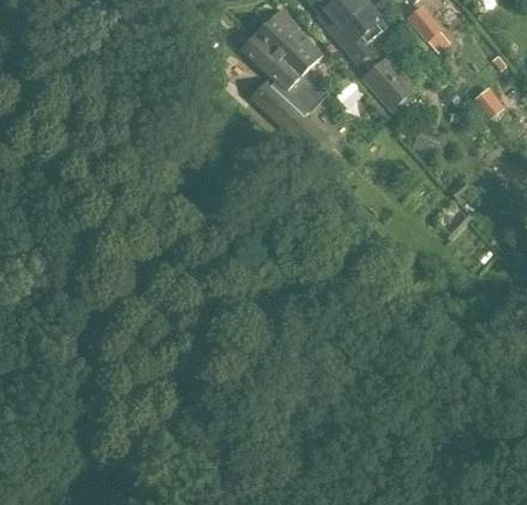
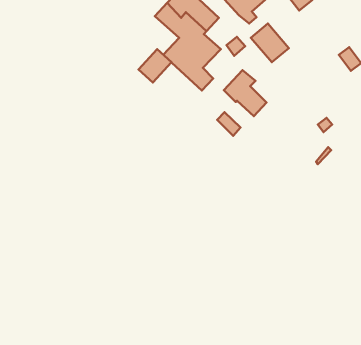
building: none -> [138,49,171,82]
building: none -> [224,70,267,116]

